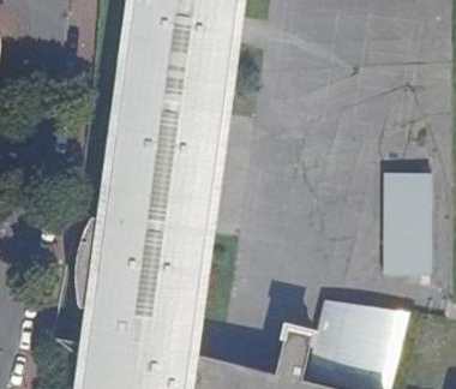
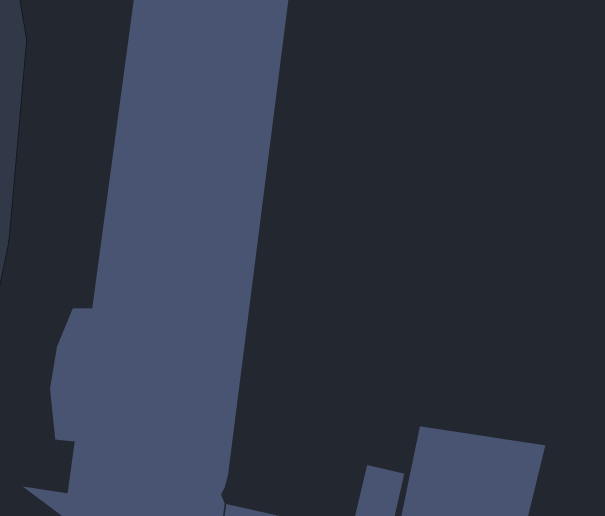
building: [383,175,433,279] -> none

